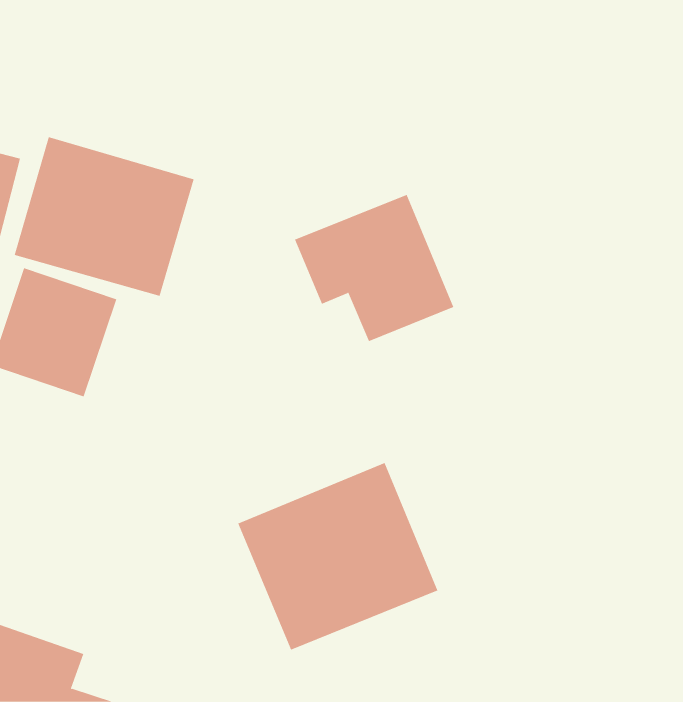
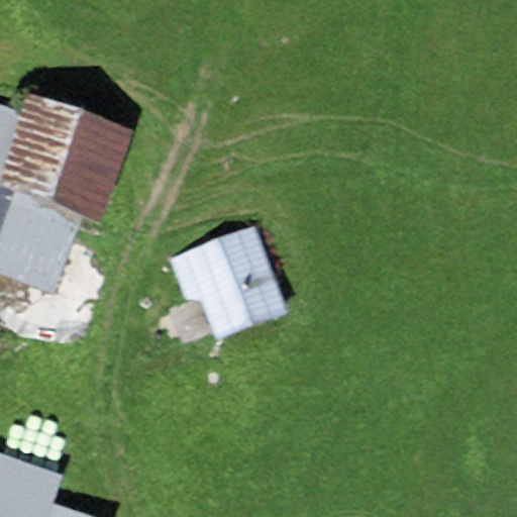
building: [294,194,454,342] -> [165,225,282,333]
building: [238,462,438,650] -> none

